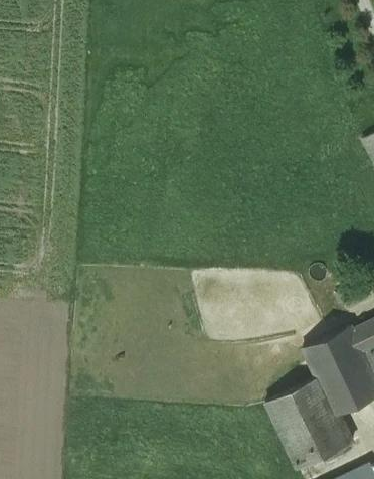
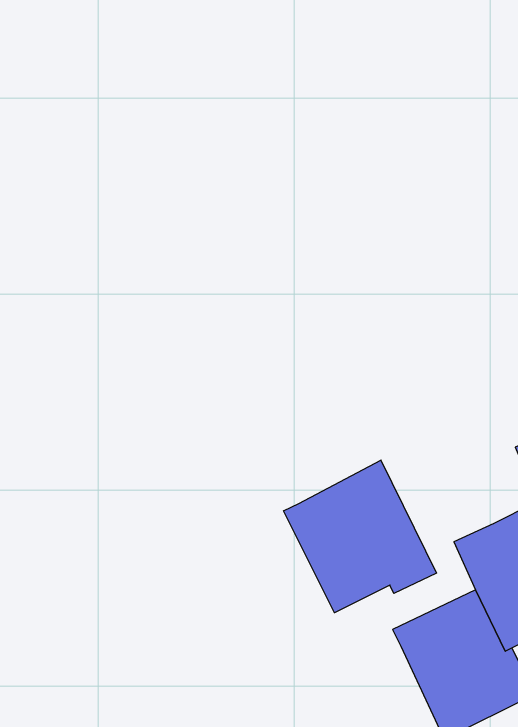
building: none -> [284,460,436,613]

